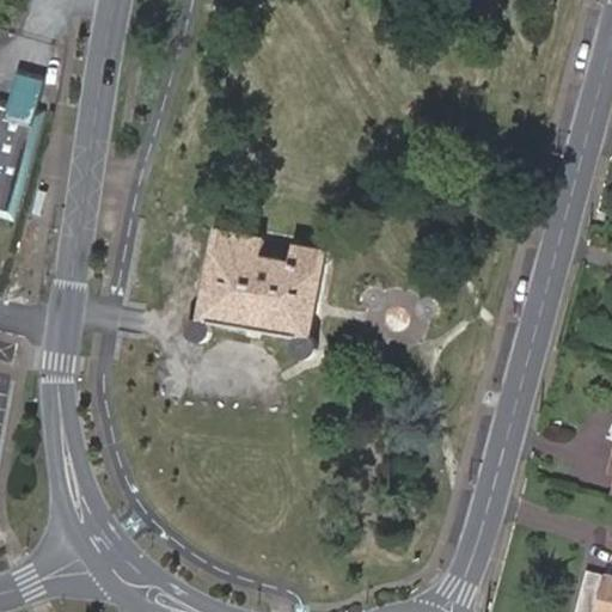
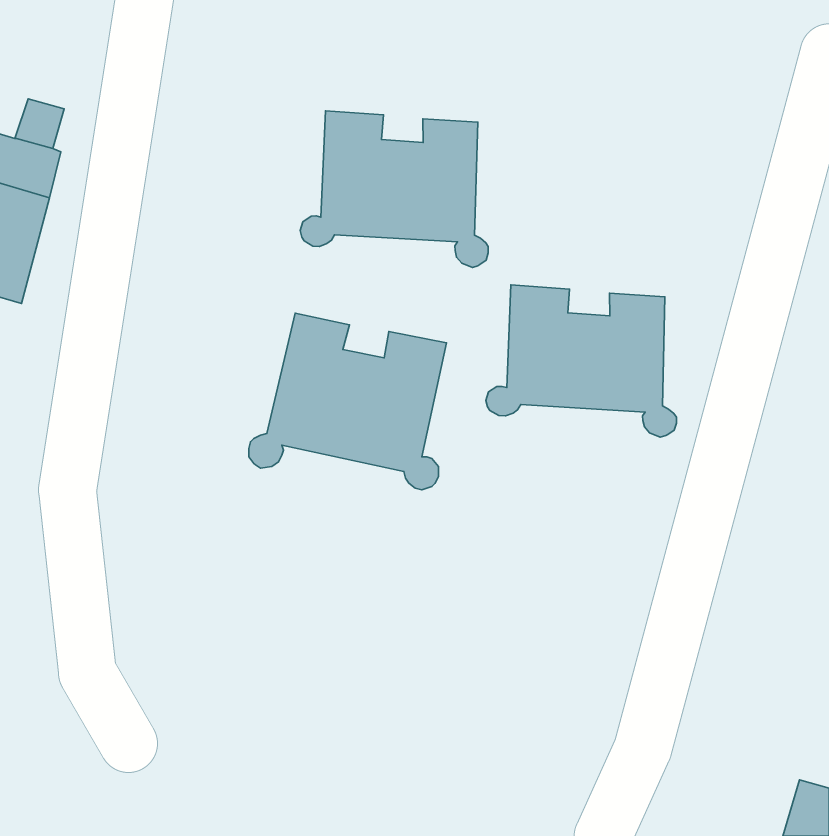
building: none -> [300,111,488,267]
building: none -> [486,285,676,437]

